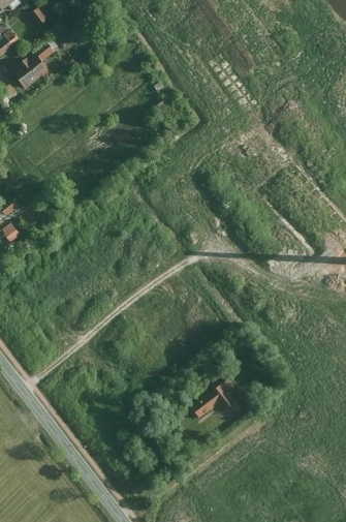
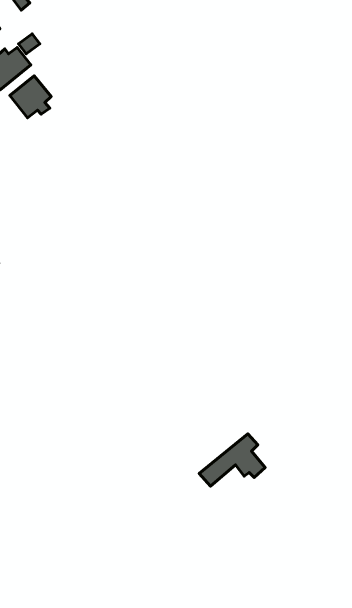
building: none -> [10,76,51,118]

